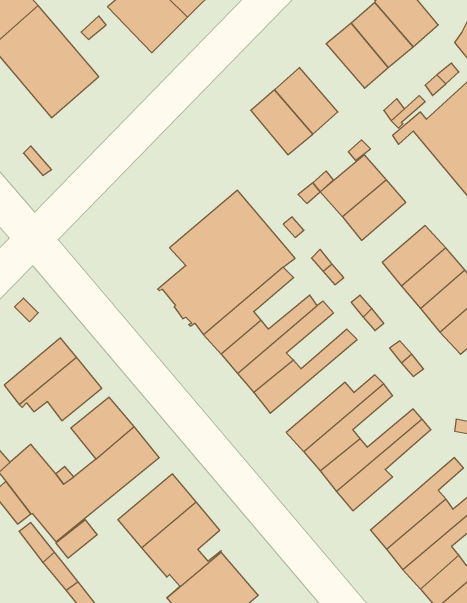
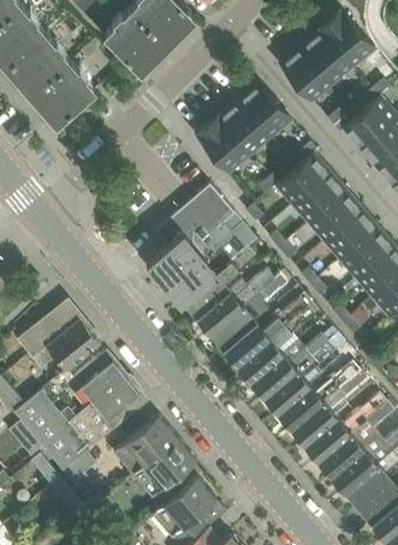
building: none -> [197,119,249,174]
building: none -> [309,194,361,244]
building: none -> [234,306,313,382]
building: none -> [302,394,385,461]

